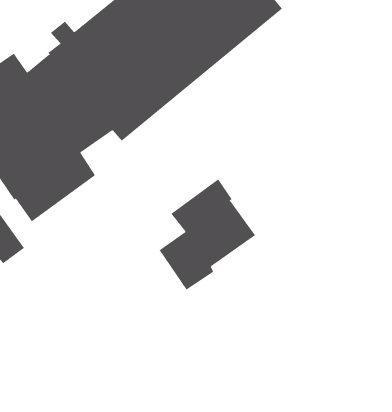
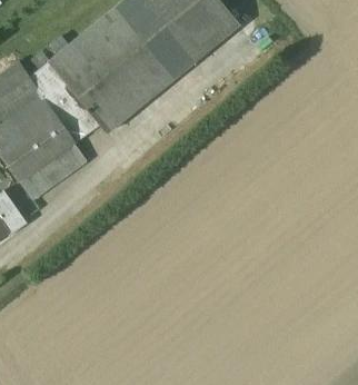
building: [159,178,256,290] -> none

